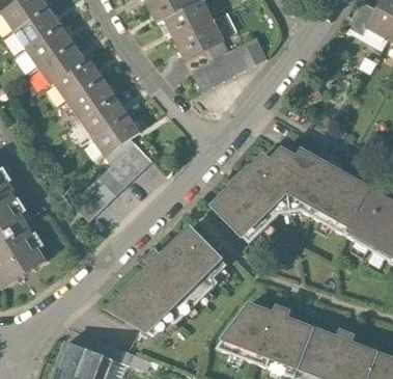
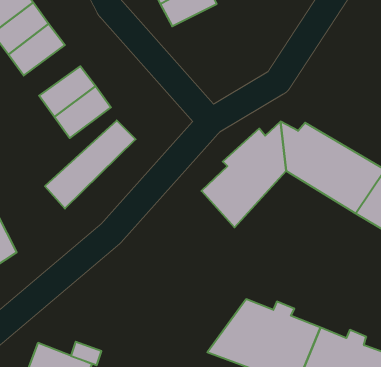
building: [189,43,266,97] -> none
building: [56,77,106,121] -> none
building: [107,224,227,332] -> none

